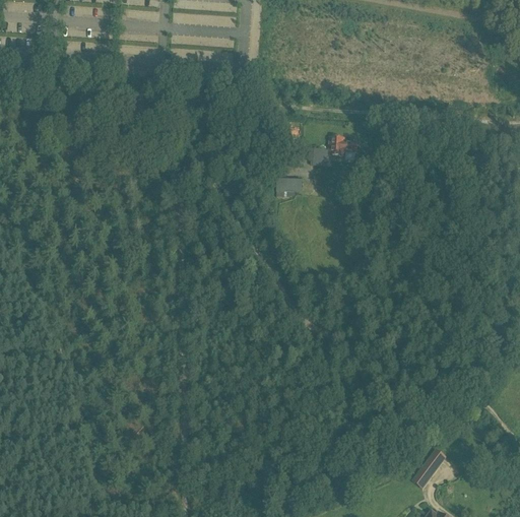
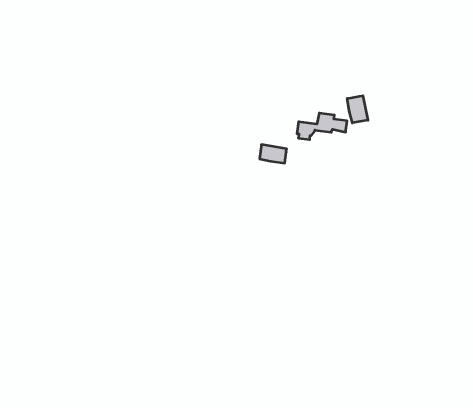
building: none -> [347,96,368,123]

